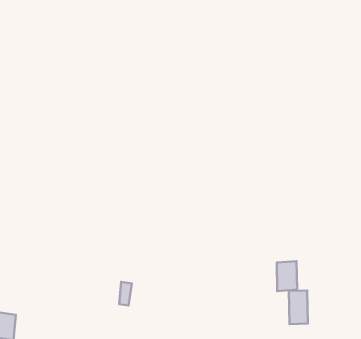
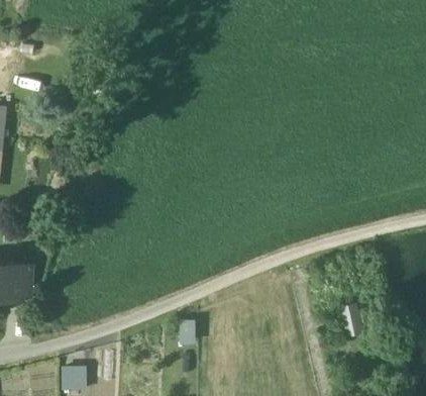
building: [277,261,297,291] -> none

